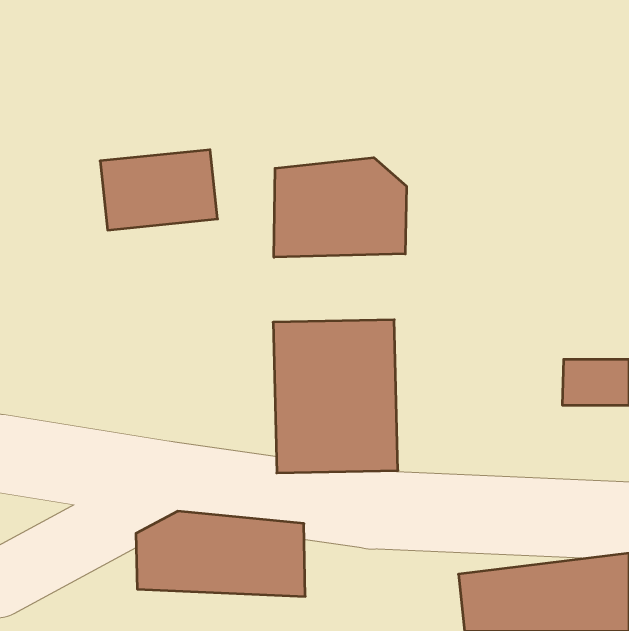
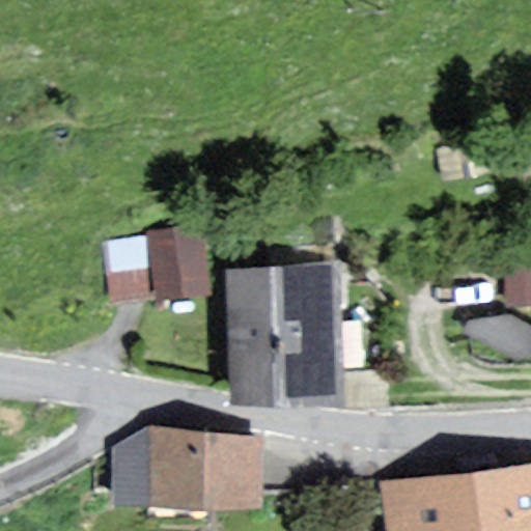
building: [100,150,218,230] -> [104,231,202,299]
building: [274,158,406,257] -> none

